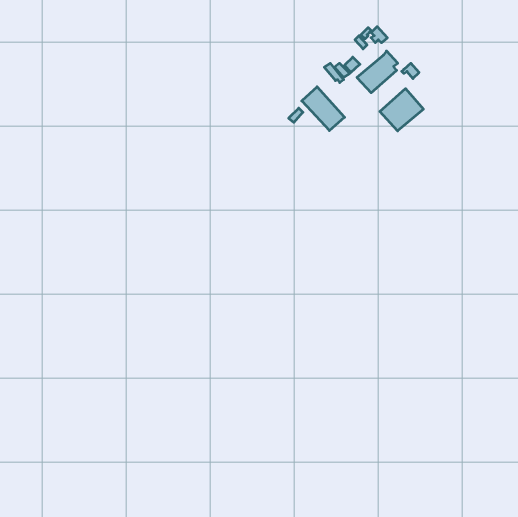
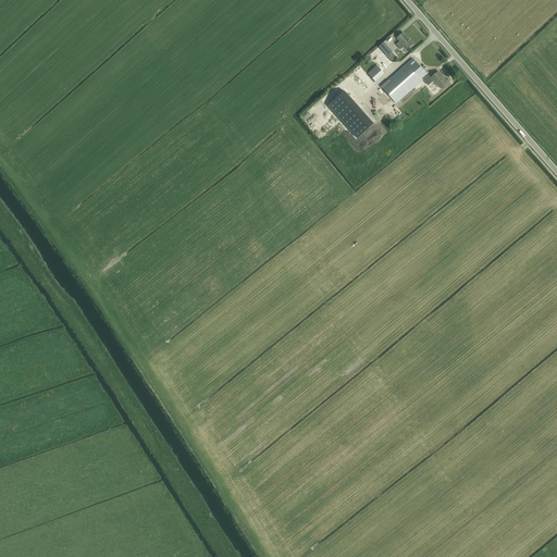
building: [380,89,423,131] -> none

